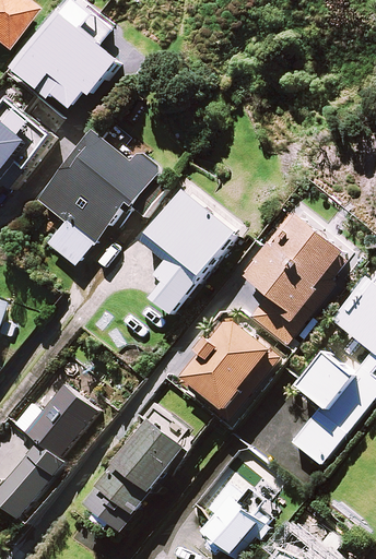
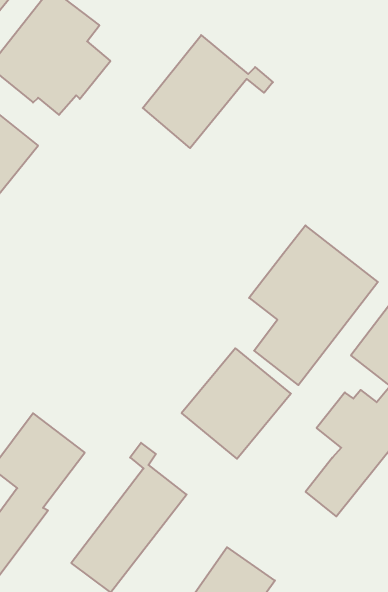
building: none -> [143,35,273,148]
building: [36,133,163,266] -> none
building: [143,187,240,314] -> none

